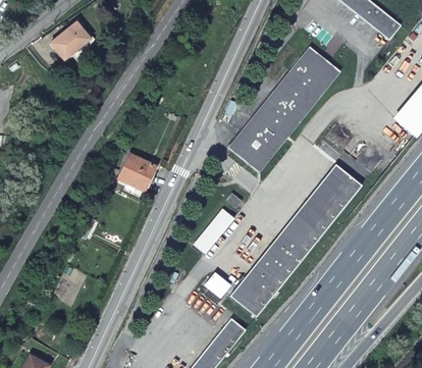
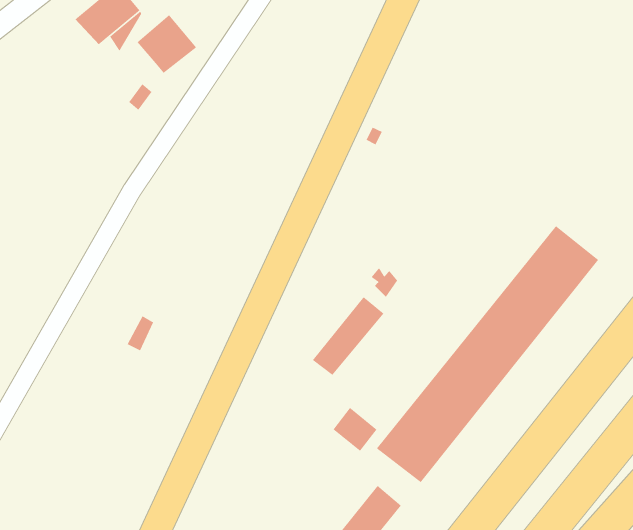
building: none -> [136,14,197,74]
building: [236,53,335,166] -> none
building: [121,160,155,194] -> none

